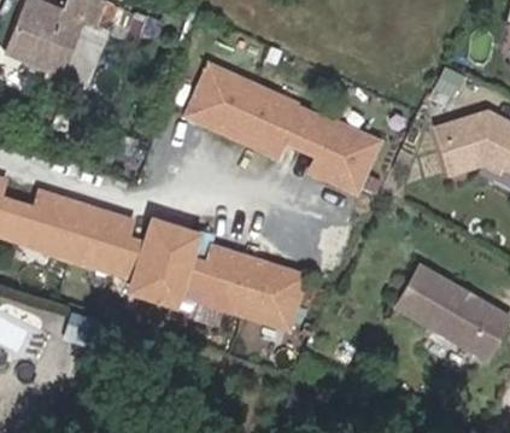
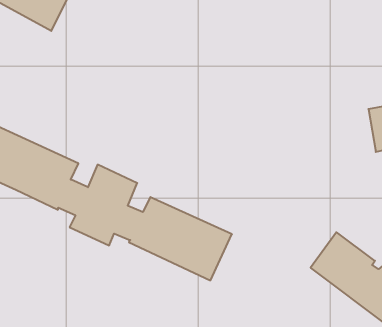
building: [187,66,379,191] -> none

